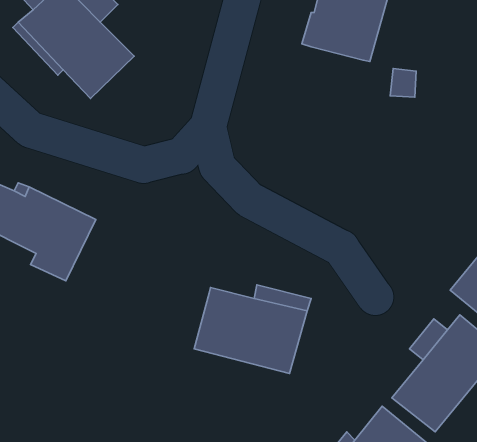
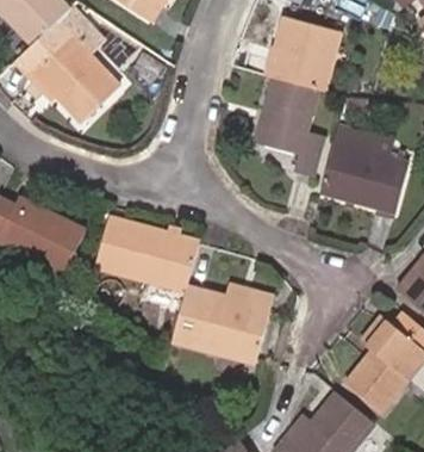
building: none -> [256,76,324,175]
building: none -> [319,124,409,212]
building: none -> [93,217,199,292]

